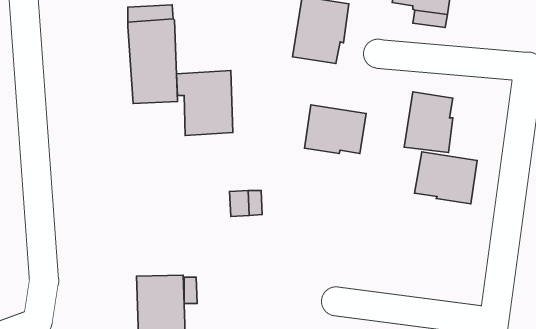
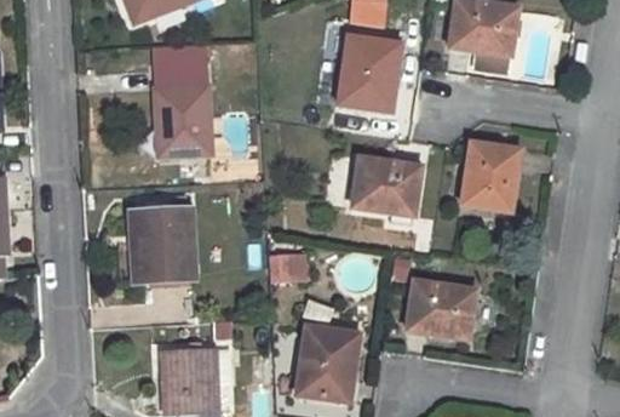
building: [176,71,233,136] -> [131,210,194,282]
building: [414,152,477,204] -> [404,280,475,338]
building: none -> [297,326,358,401]

